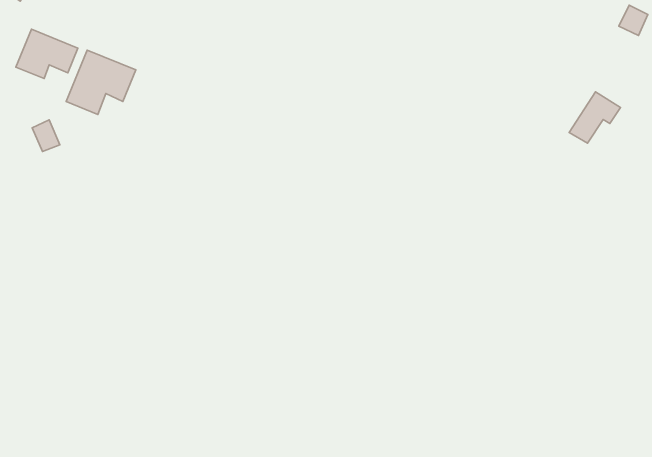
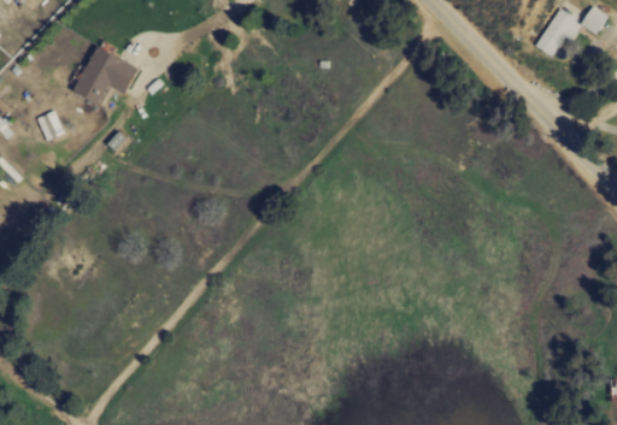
building: [16,29,78,79] -> none
building: [569,92,620,143] -> [534,8,581,55]

